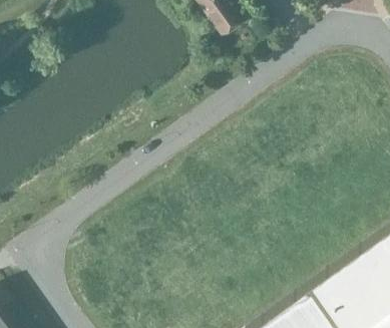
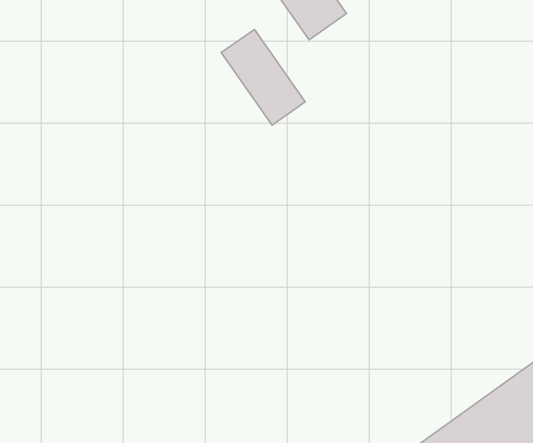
building: none -> [221,30,305,125]

